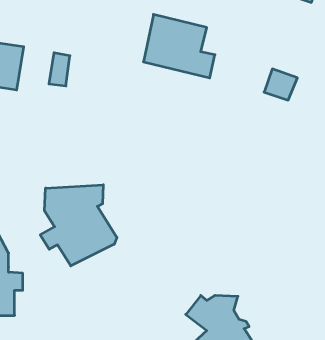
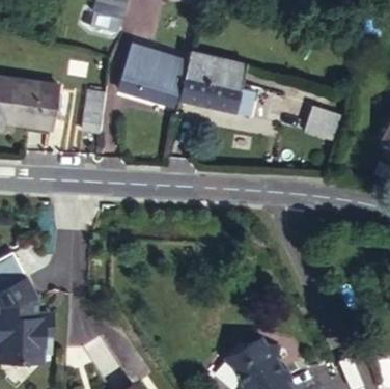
building: none -> [118,46,183,105]
building: [40,185,117,266] -> none

